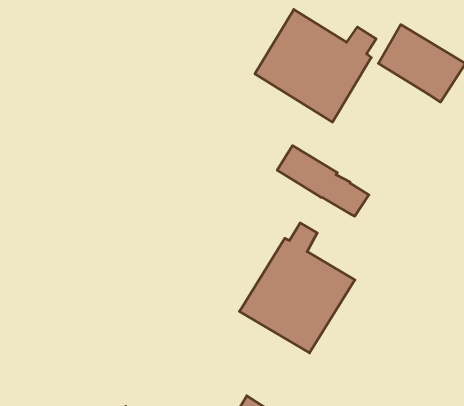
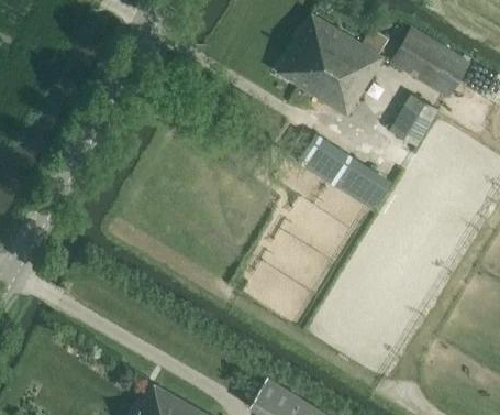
building: none -> [389,95,431,143]
building: [239,223,355,353] -> none

